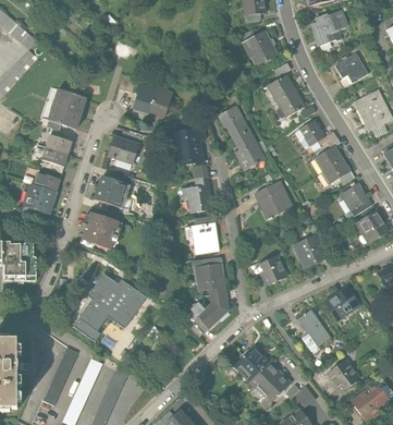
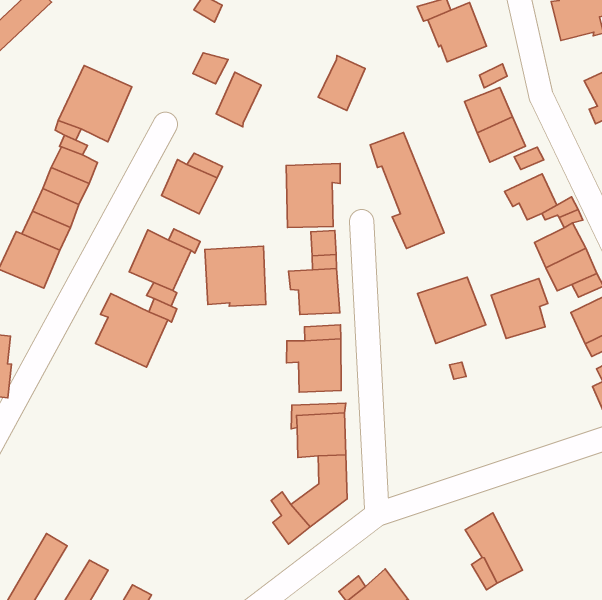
building: [149,86,173,116] -> [318,55,365,110]
building: none -> [205,246,266,306]
building: [294,233,326,268] -> [491,278,548,339]
building: [257,255,288,286] -> none
building: [79,274,146,330] -> none
building: [324,287,358,319] -> none

